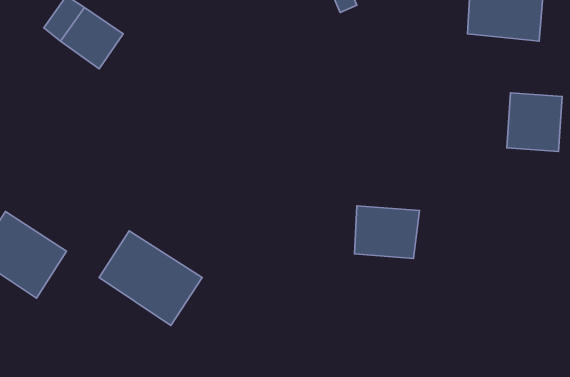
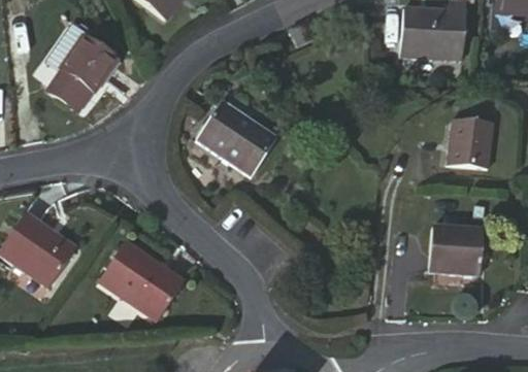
building: none -> [51,70,96,111]
building: none -> [190,92,275,169]
building: [355,206,419,259] -> [420,229,475,274]

